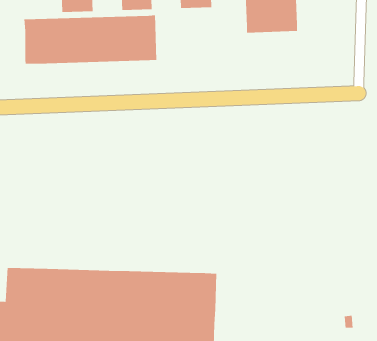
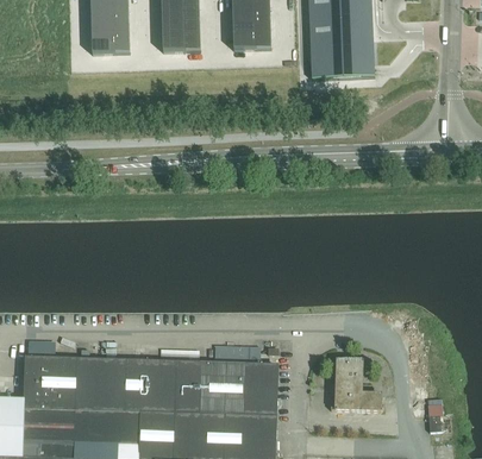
building: [24,15,157,65] -> none
building: none -> [330,358,381,409]

